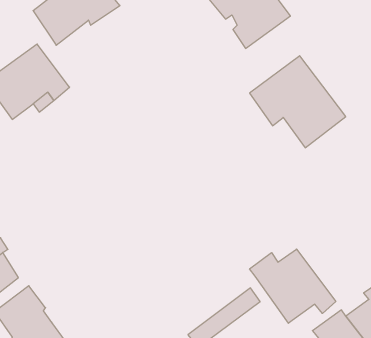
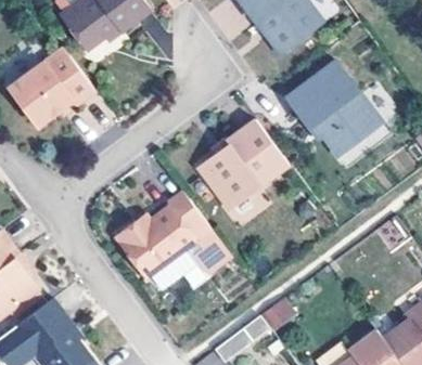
building: none -> [195,121,285,213]
building: none -> [111,193,215,281]
building: [250,249,336,323] -> none

